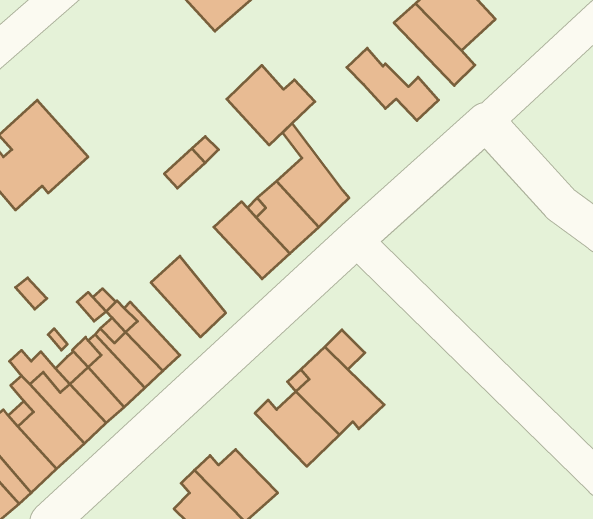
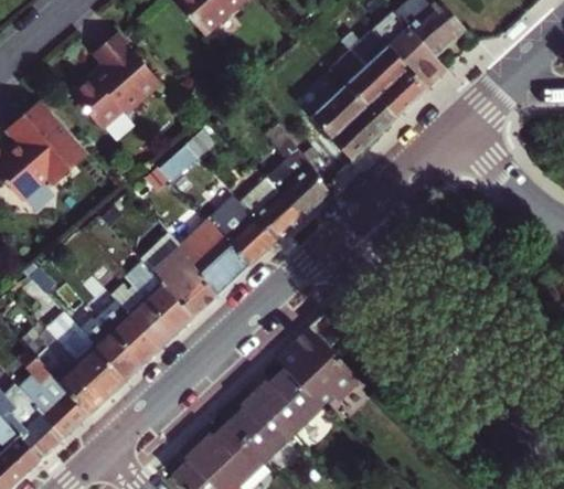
building: none -> [347,31,426,102]
building: none -> [74,36,163,131]
building: [227,65,315,145] -> [311,87,392,160]
building: none -> [159,219,251,296]
building: none -> [124,262,194,334]
building: none -> [226,387,291,460]

